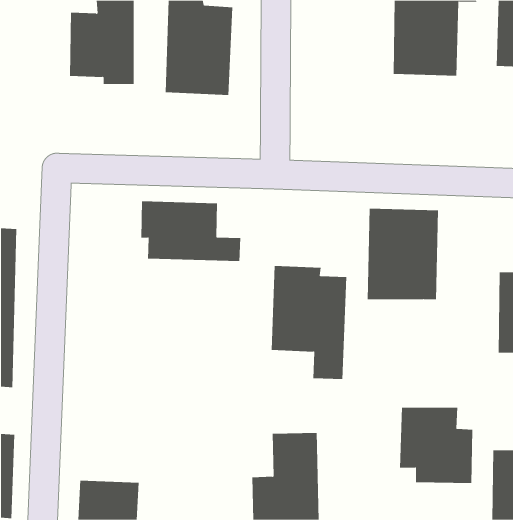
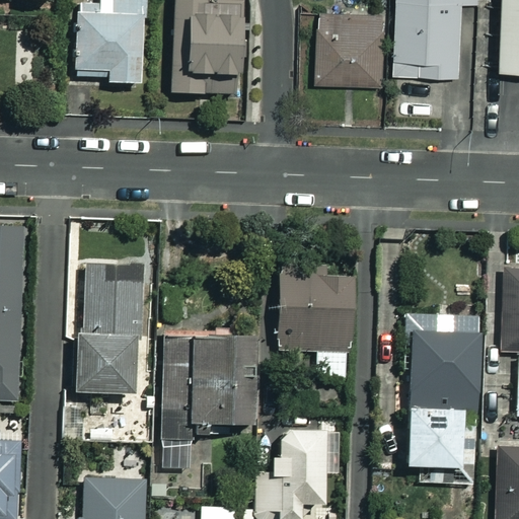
building: none -> [320,11,389,83]
building: [141,201,241,262] -> none
building: [367,208,439,300] -> [406,314,478,405]
building: none -> [74,265,141,393]
building: none -> [161,337,251,468]

